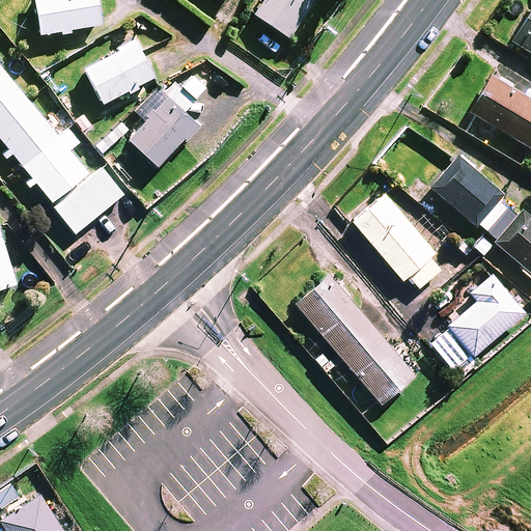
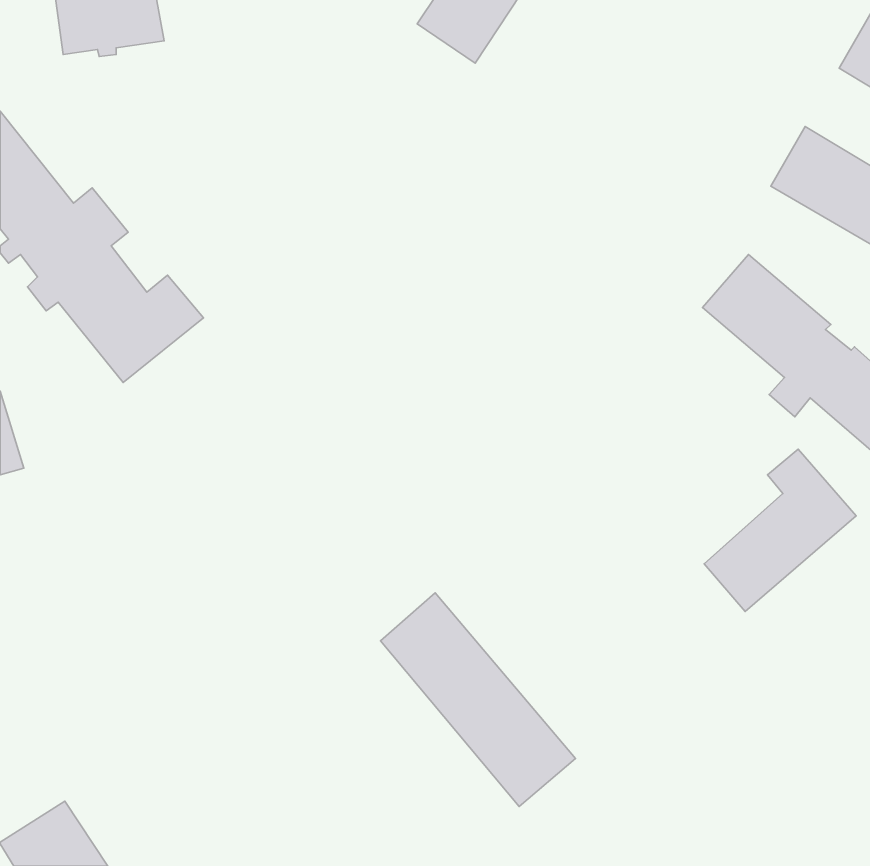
building: [86,38,156,104] -> none
building: [121,79,200,167] -> none
building: [352,193,453,287] -> none
building: [296,275,414,404] -> [381,593,575,806]

